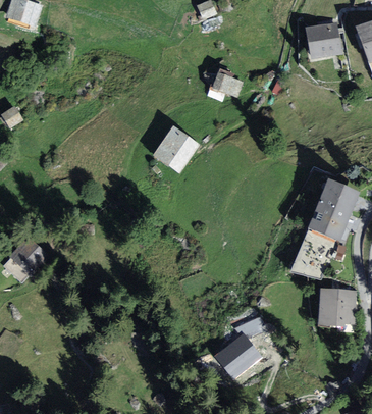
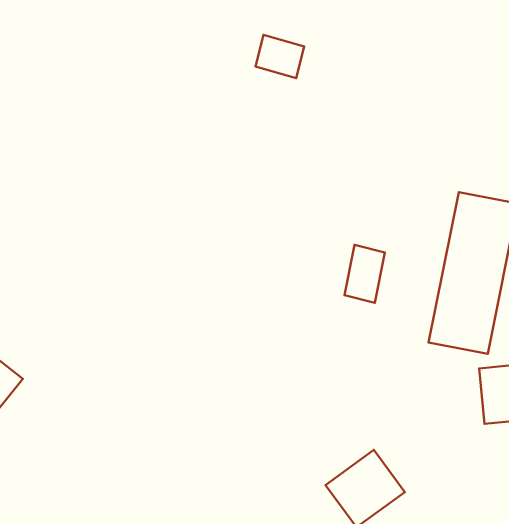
building: [152,126,197,171] -> none
building: none -> [344,245,385,303]

